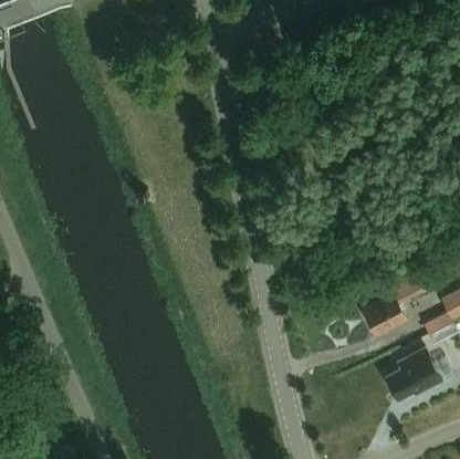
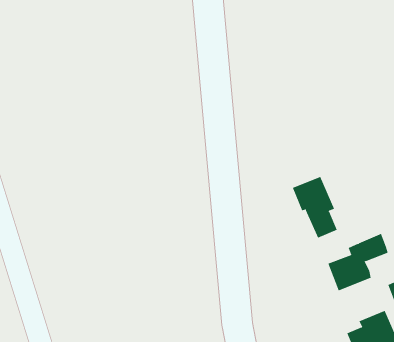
building: none -> [292,176,337,238]

